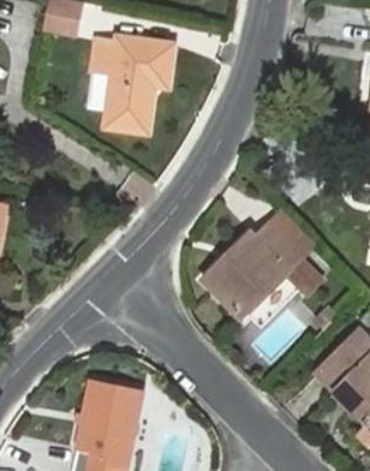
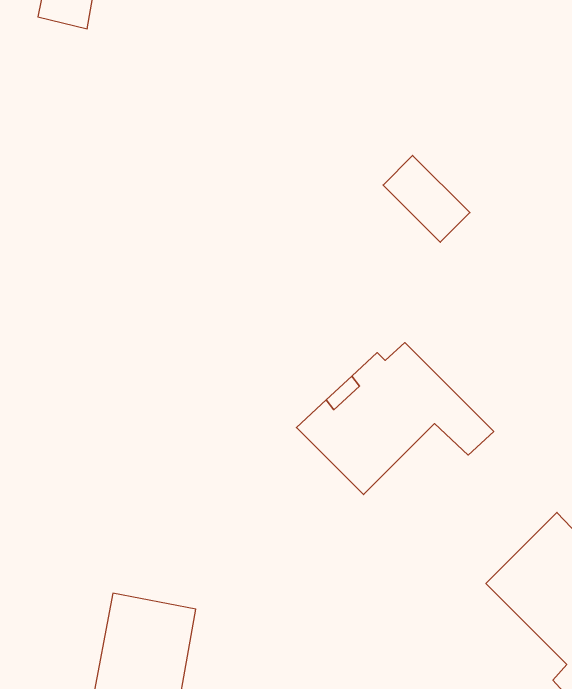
building: [90,36,171,133] -> none
building: [267,209,320,262] -> [383,155,470,242]

